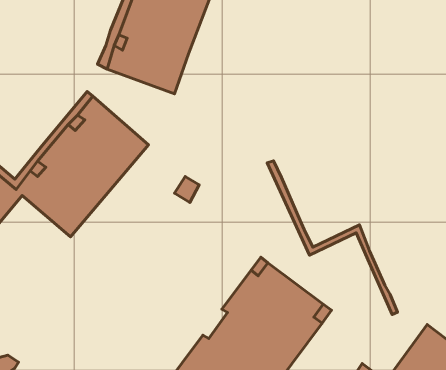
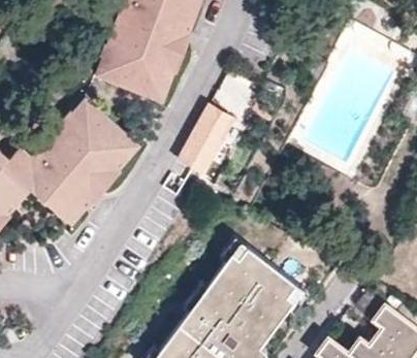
building: none -> [181,103,237,173]
building: [267,161,398,315] -> none

